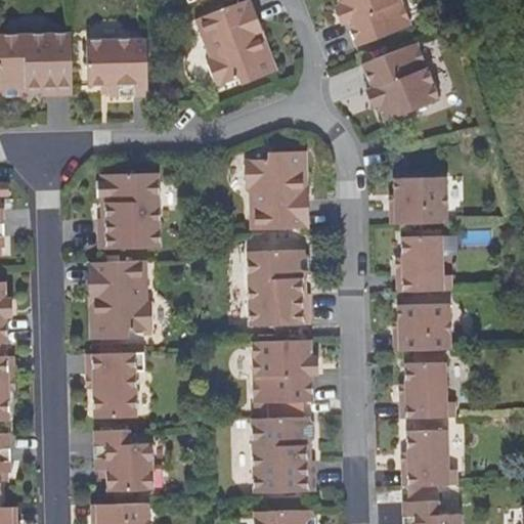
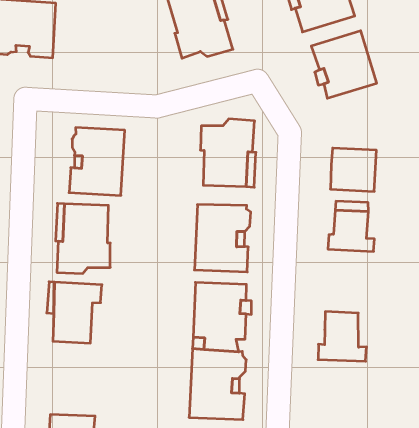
building: [87,41,147,97] -> none
building: [399,303,451,350] -> none
building: [403,423,458,486] -> none
building: [94,429,154,492] -> none

